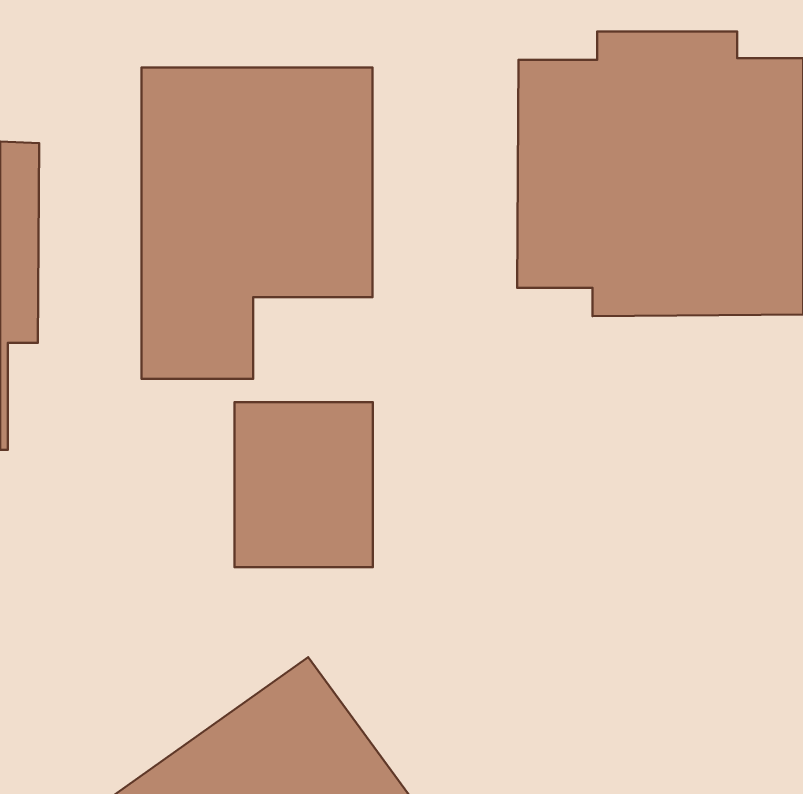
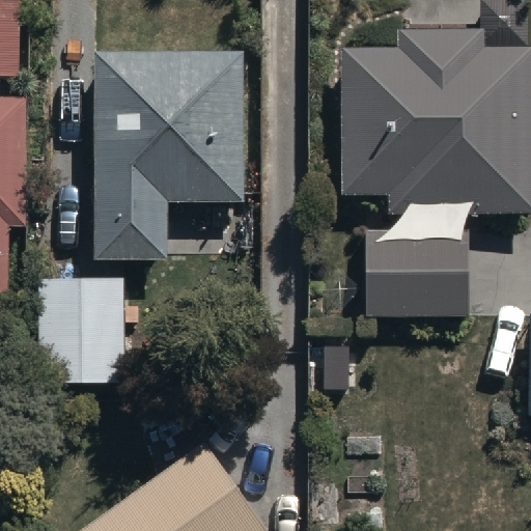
building: none -> [358,227,468,319]
building: [234,402,373,567] -> [35,279,127,388]

